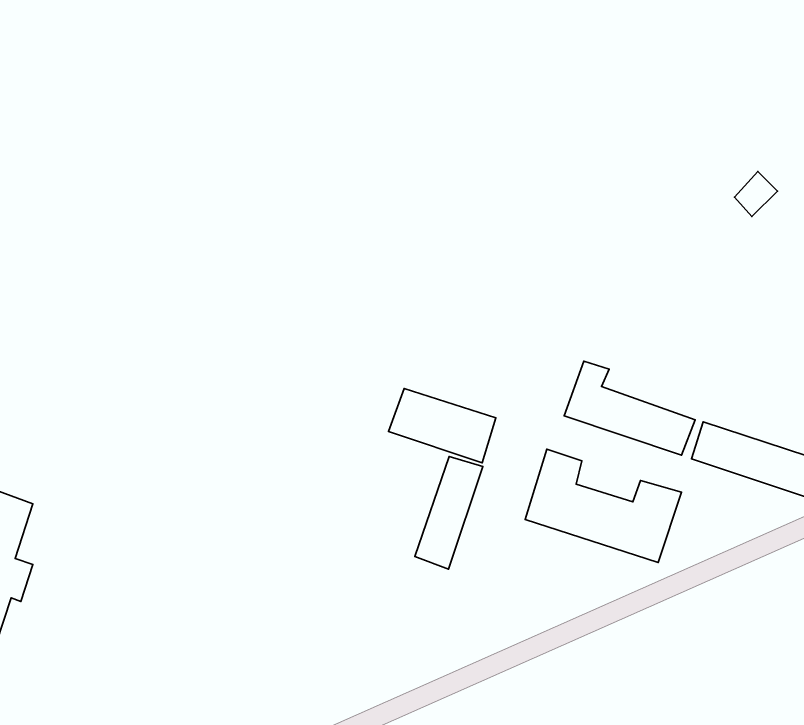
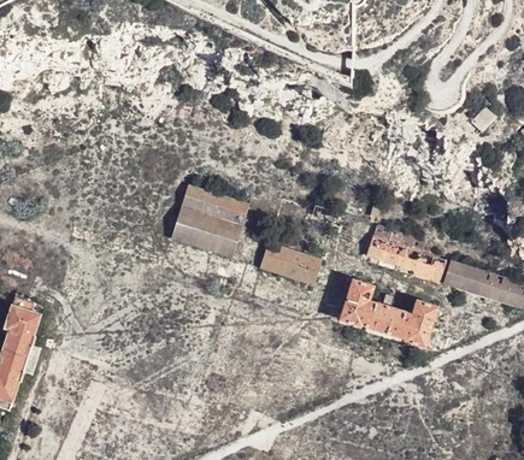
building: none -> [171,185,247,255]
building: [415,457,483,569] -> none

